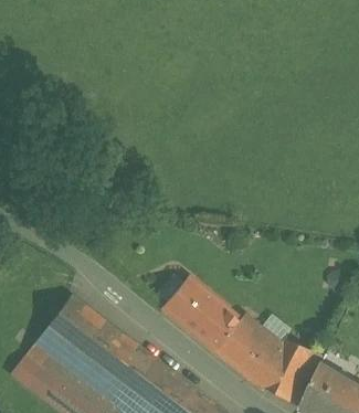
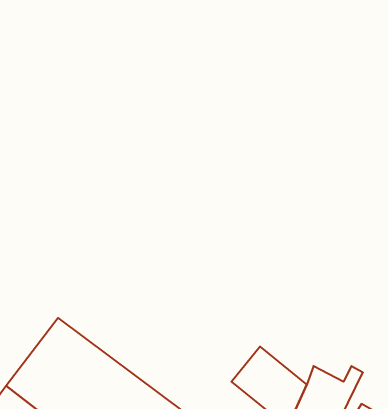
building: [163,280,240,352] -> none

